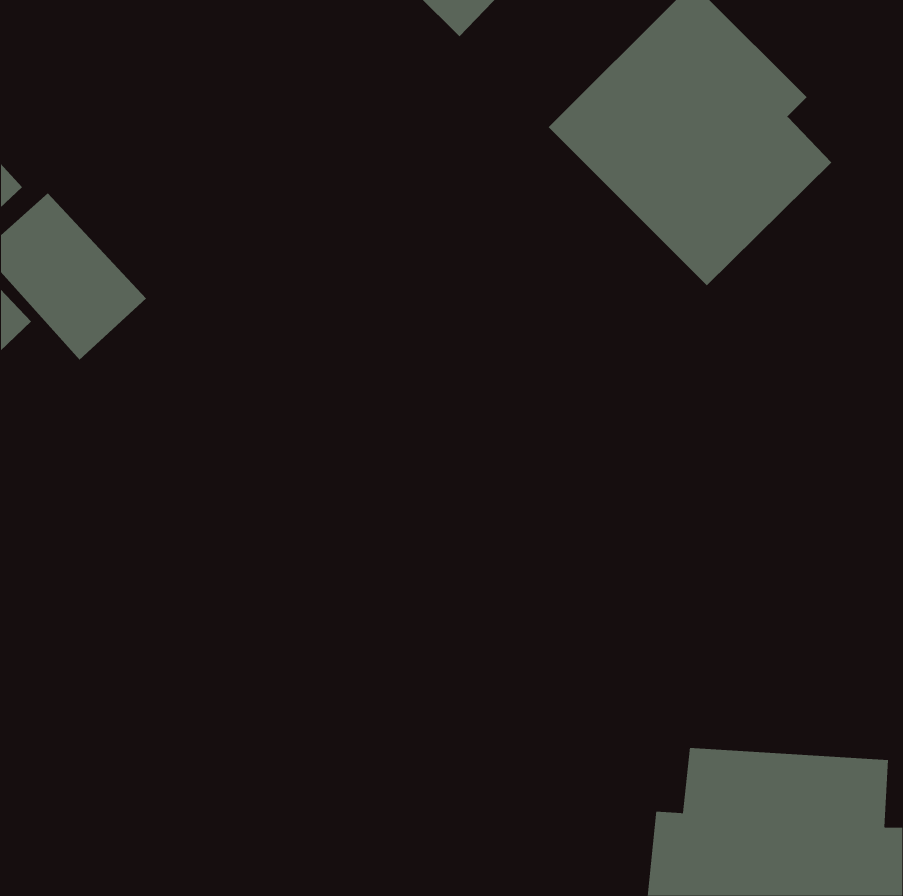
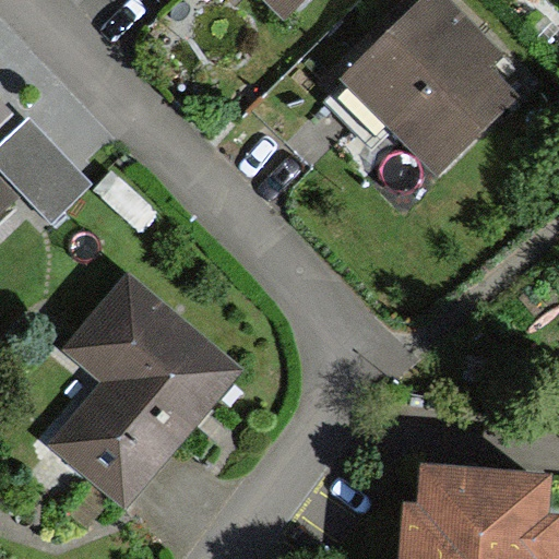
building: none -> [47,284,239,511]

